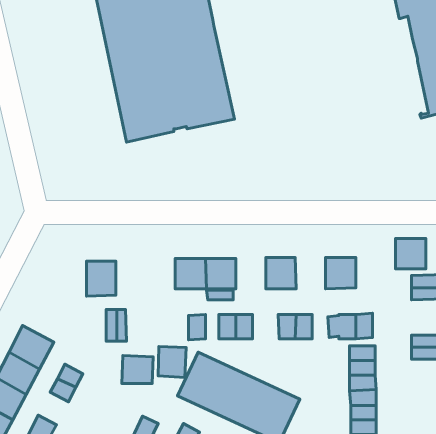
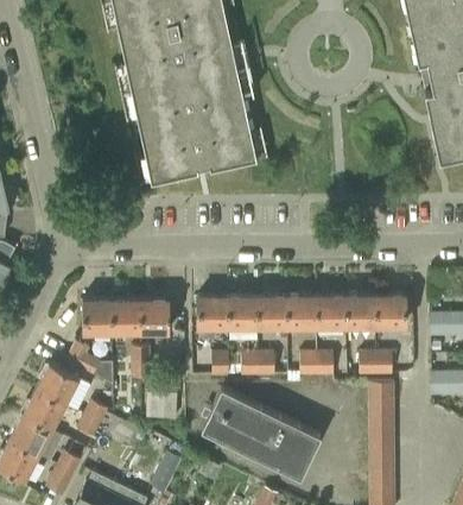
building: [396,238,426,269] -> [375,296,405,326]
building: none -> [258,296,287,327]
building: none -> [316,296,345,327]
building: none -> [82,299,112,334]
building: none -> [140,299,170,333]
building: none -> [66,342,112,385]
building: [158,346,186,378] -> none

